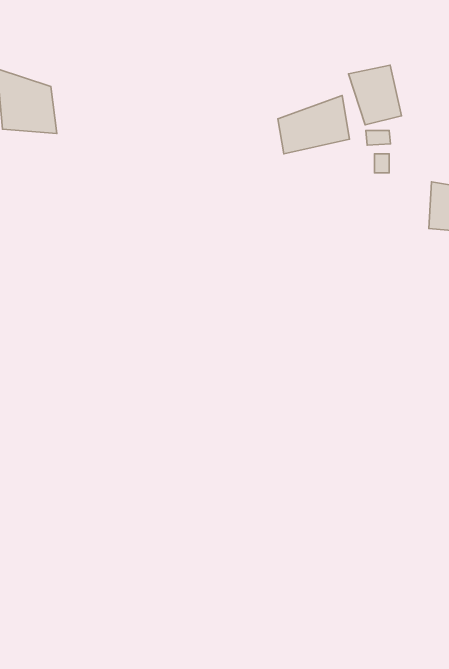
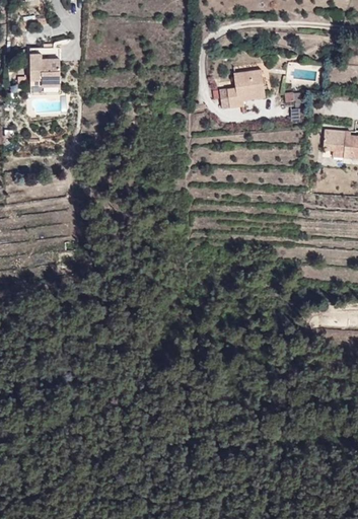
building: [348,65,401,125] -> none

